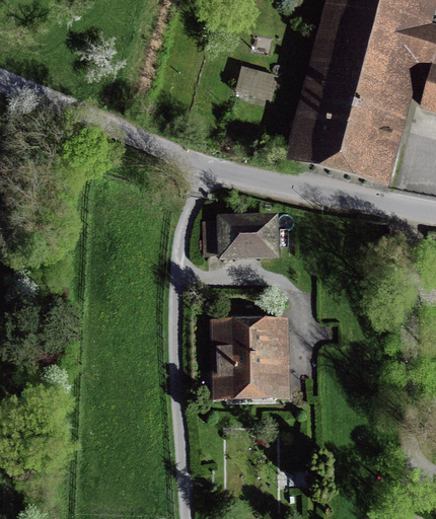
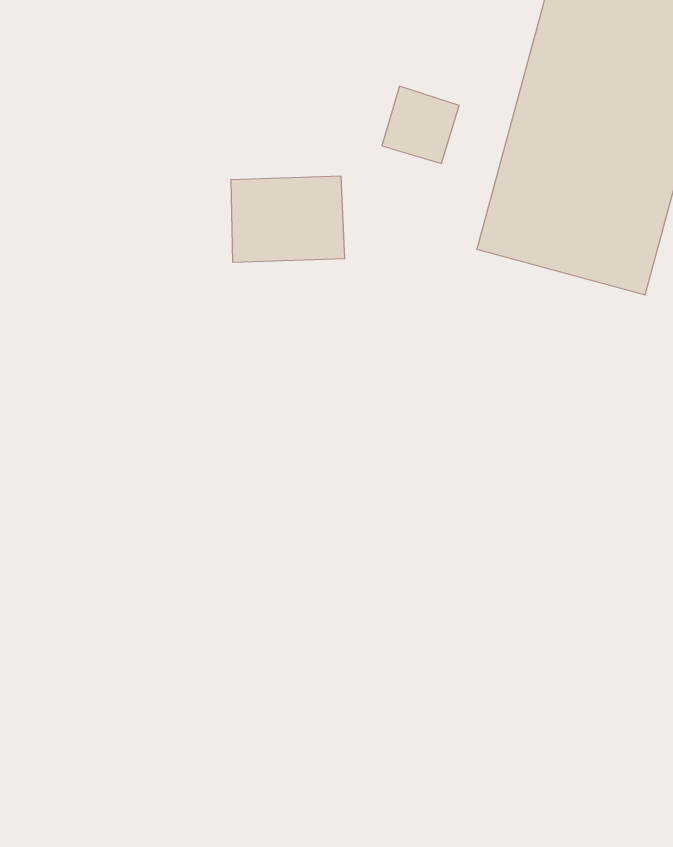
building: [217,212,283,262] -> [231,176,345,262]
building: [209,314,288,392] -> none

